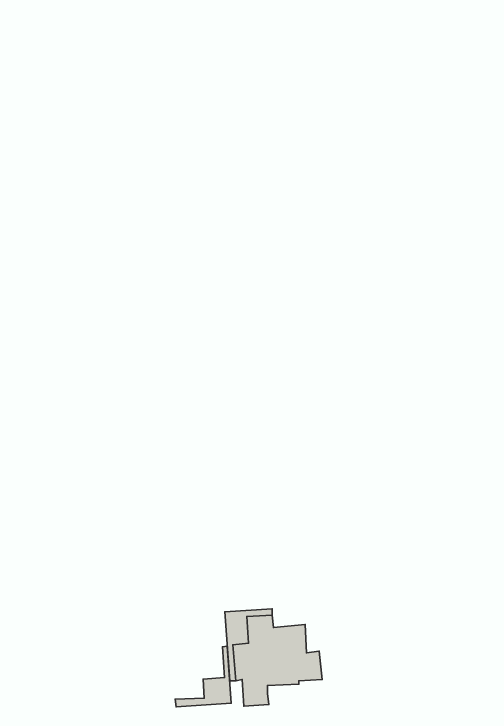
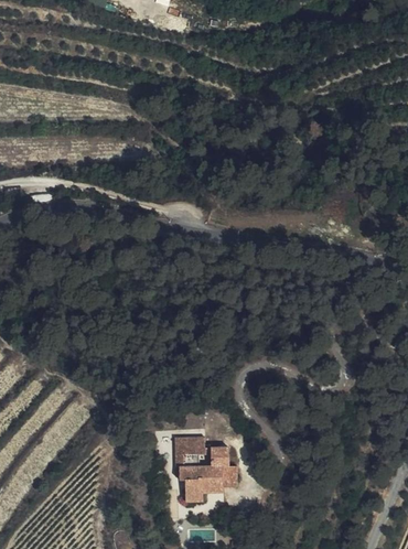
building: [175,646,231,707] -> none

